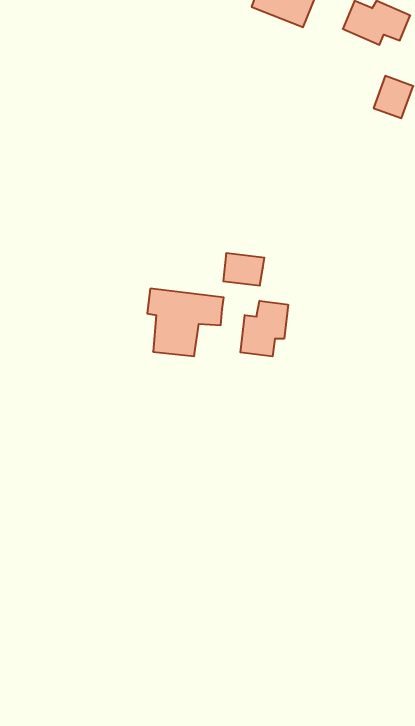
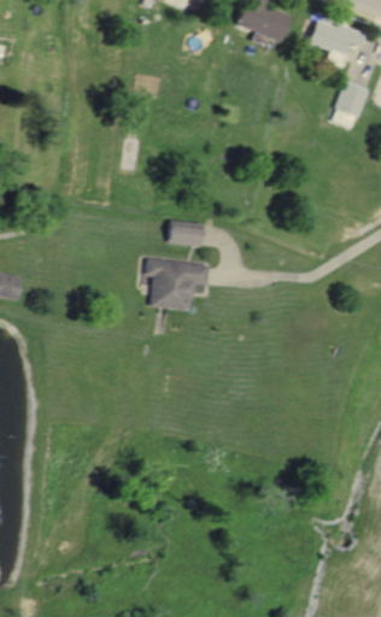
building: [223,253,264,286] -> [170,221,204,247]
building: [240,301,288,356] -> none

